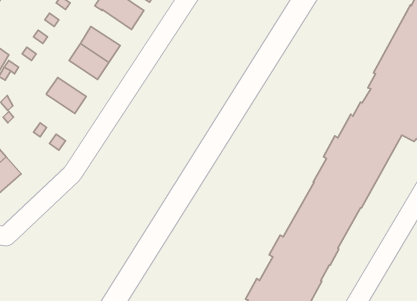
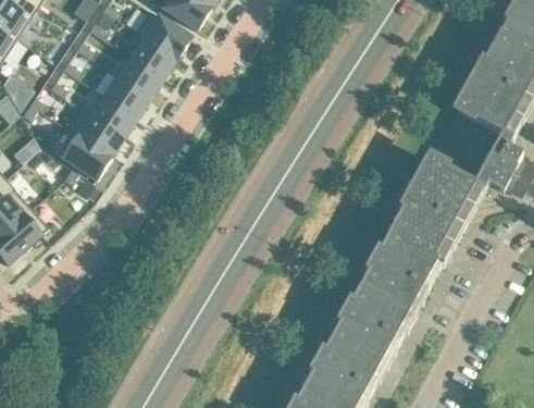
building: none -> [127,37,174,78]
building: none -> [89,96,135,137]
building: none -> [57,132,109,178]

